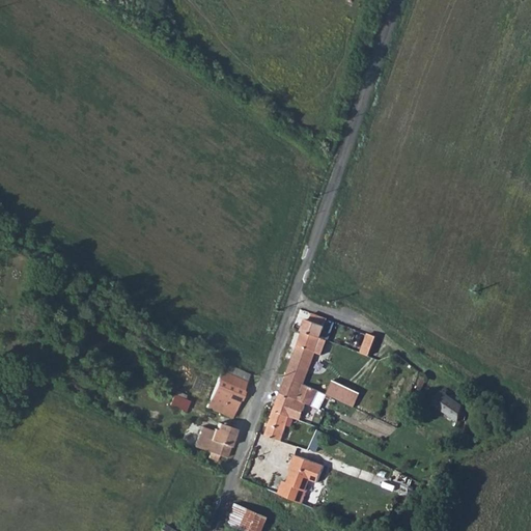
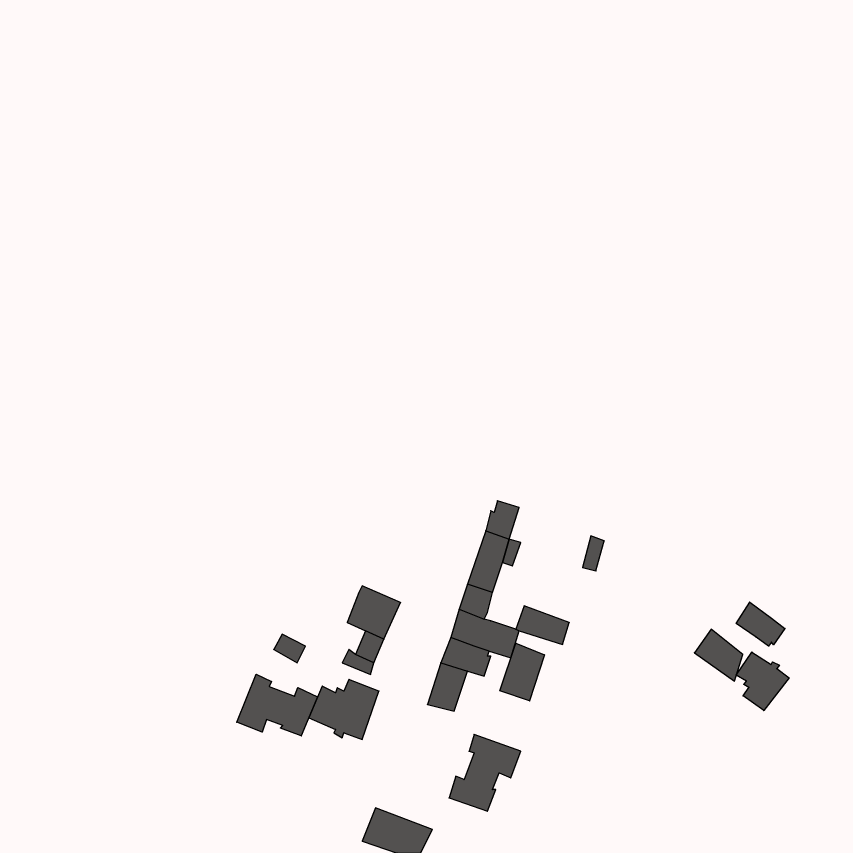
building: none -> [736,602,785,646]
building: none -> [500,643,544,701]
building: none -> [736,652,789,711]
building: none -> [237,674,318,736]

